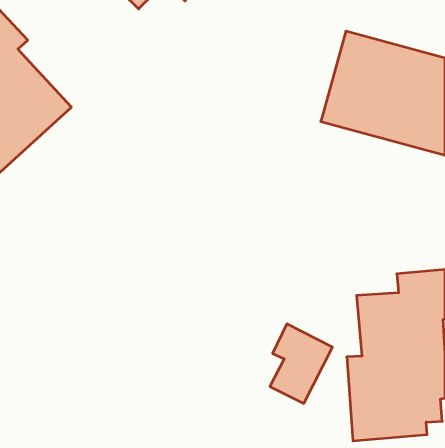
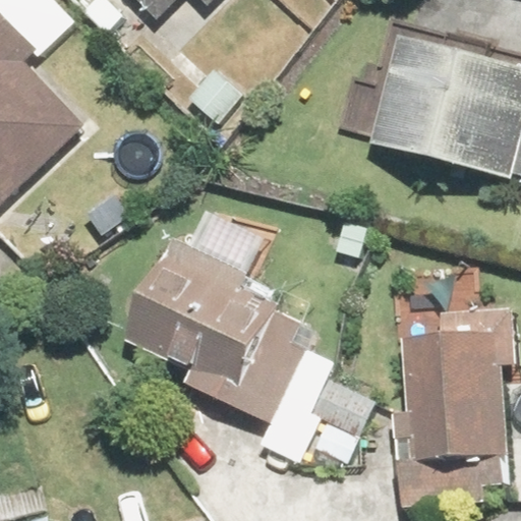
building: none -> [128,238,320,425]

